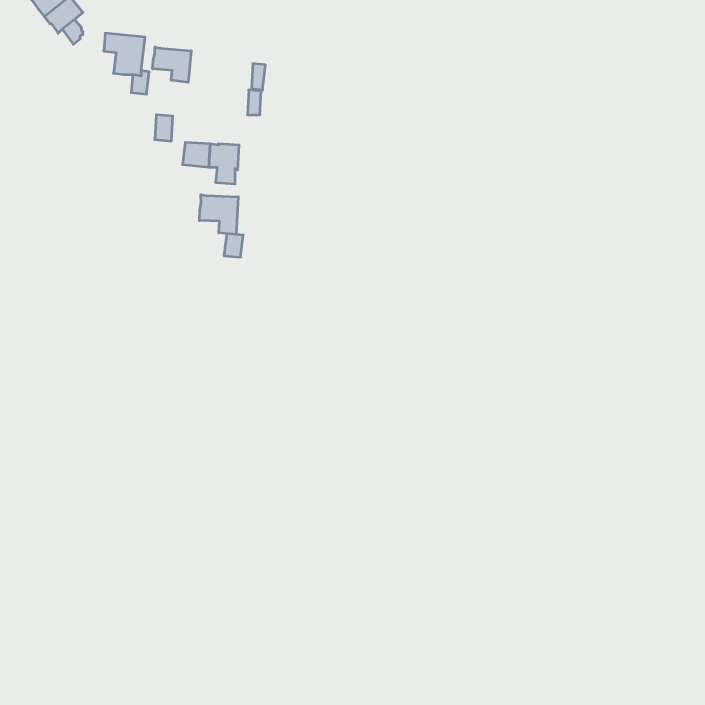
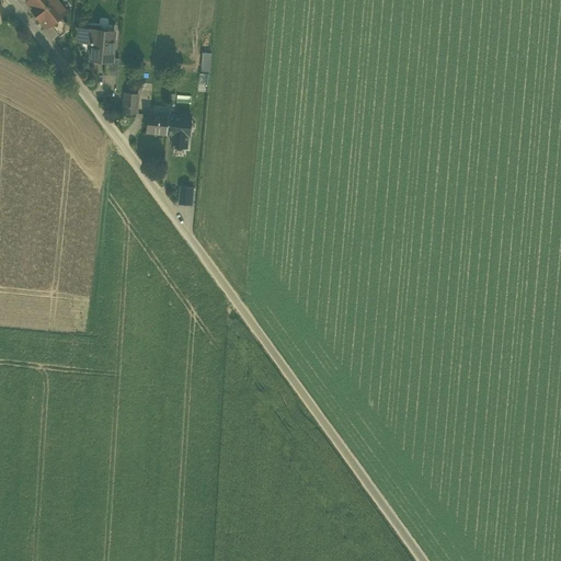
building: [153,47,191,82] -> none
building: [199,195,238,234] -> none

